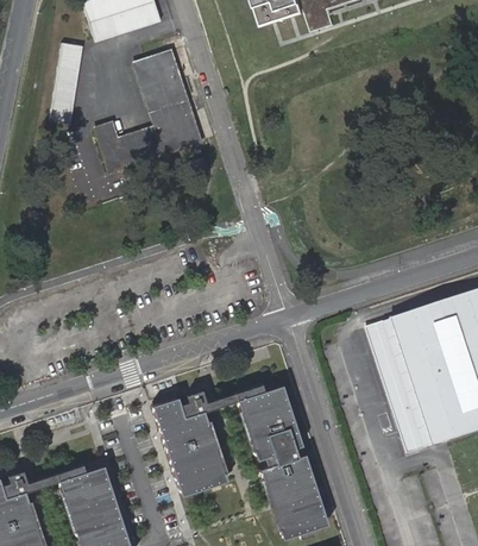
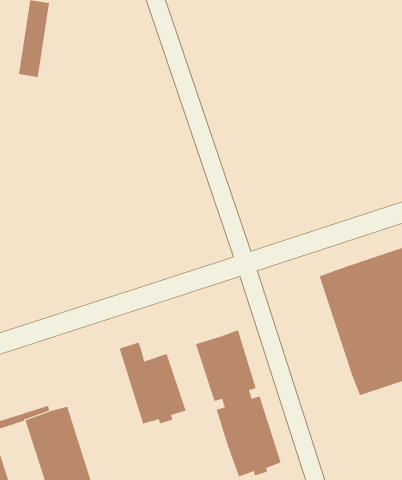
building: [96,51,199,170] -> none
building: [180,385,263,419] -> none

